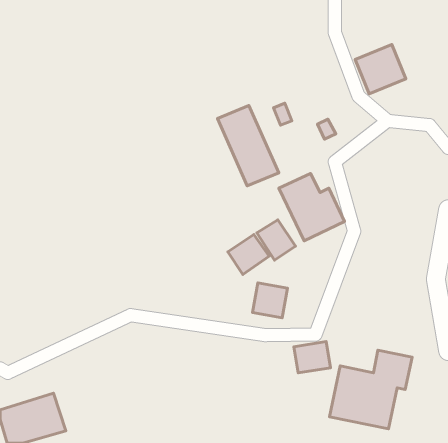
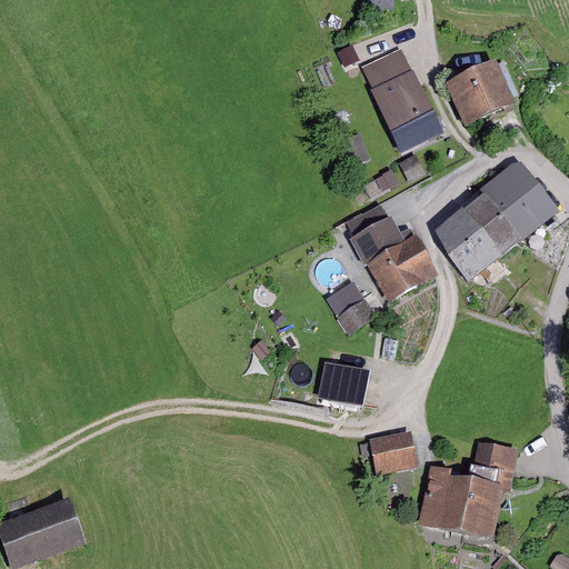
building: [217,105,279,186] -> [361,49,439,151]
building: none -> [438,160,556,272]
building: [228,234,269,274] -> none

